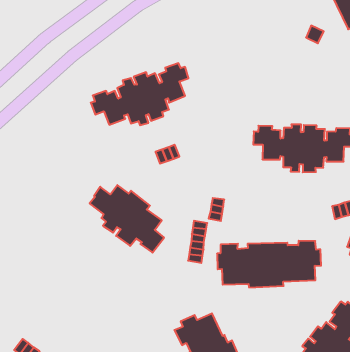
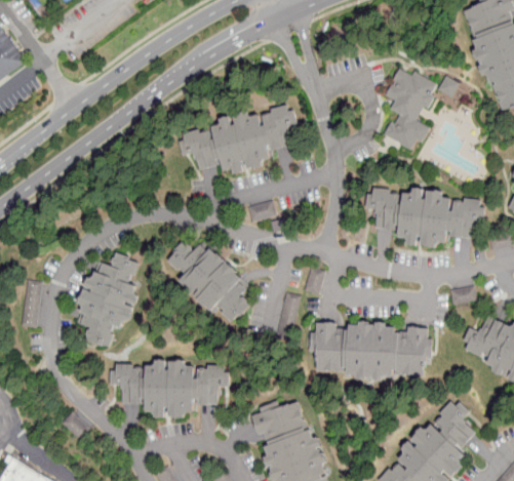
building: none -> [384,68,436,149]
building: none -> [78,251,141,345]
building: none -> [110,361,229,417]

